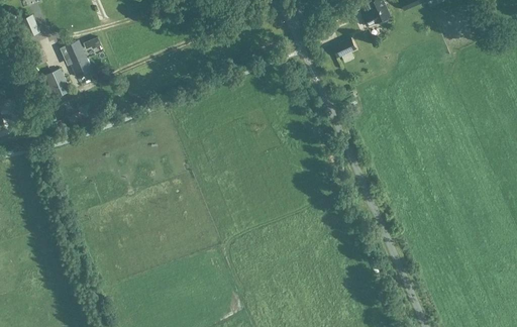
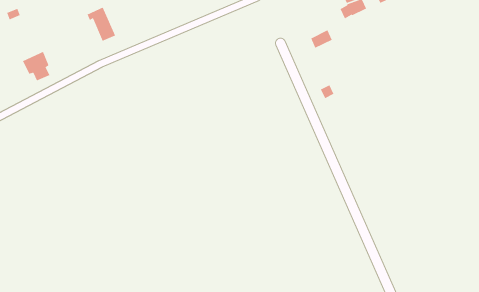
building: [61,41,91,78] -> [87,6,116,42]

